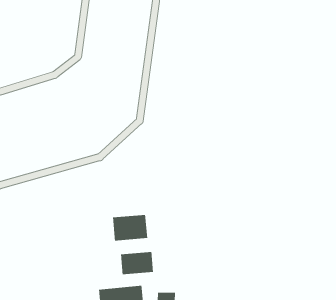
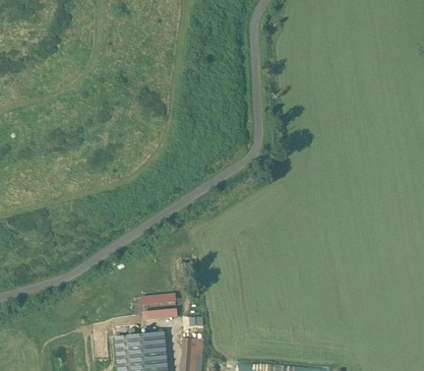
building: [112,214,148,241] -> none

